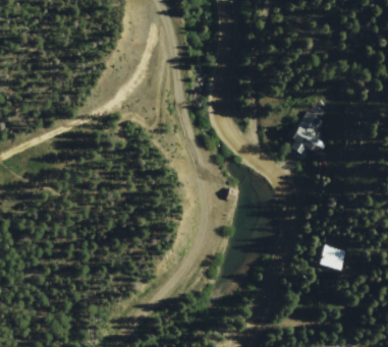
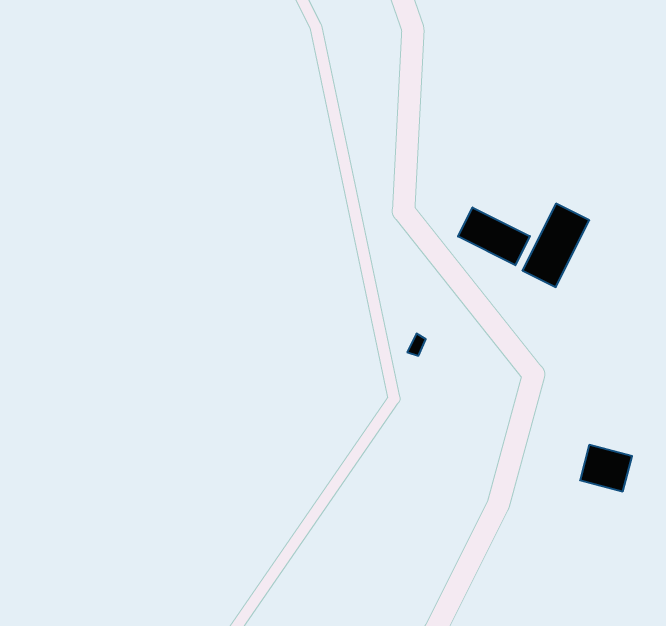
building: none -> [458,207,530,265]

